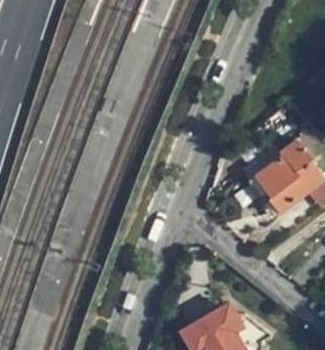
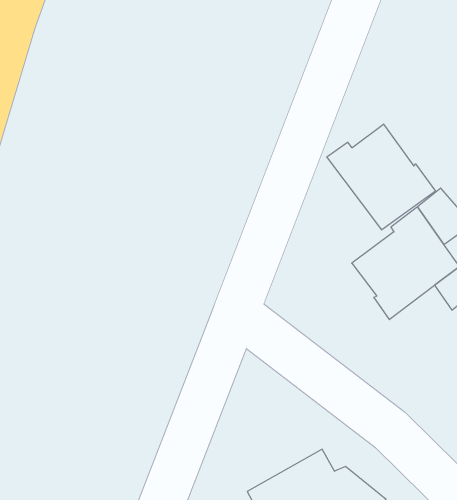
building: none -> [327,124,436,230]

